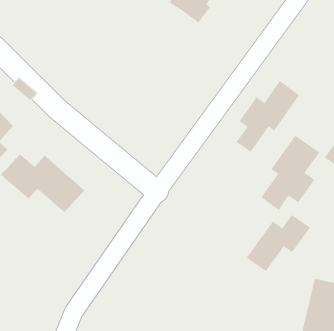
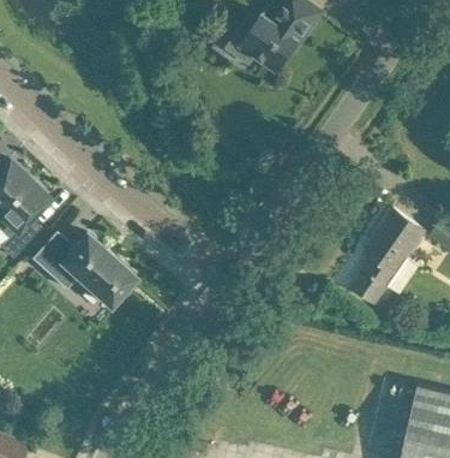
building: [236,80,300,153] -> none
building: [246,214,311,272] -> none

